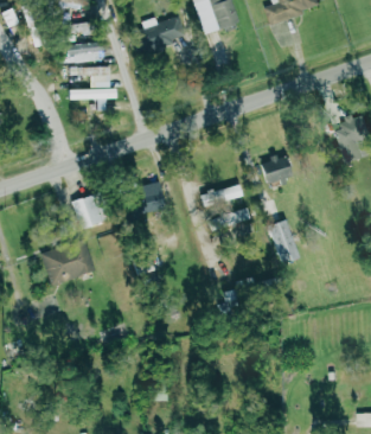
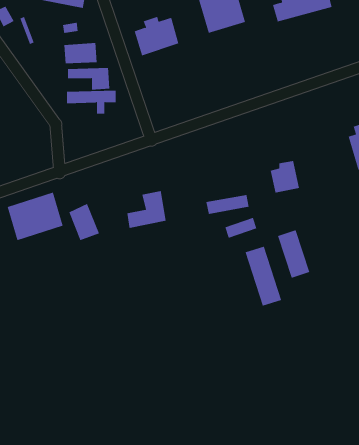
building: none -> [245,246,282,307]
building: [41,240,95,286] -> [7,192,63,241]

